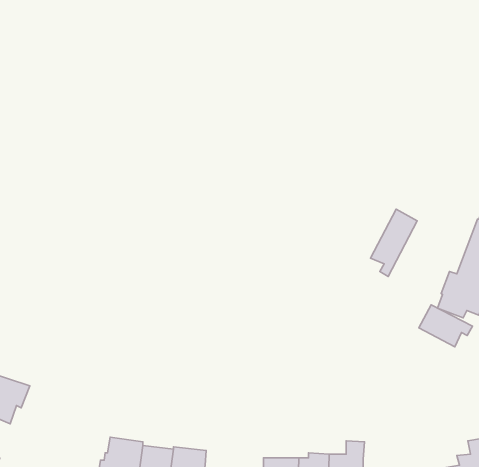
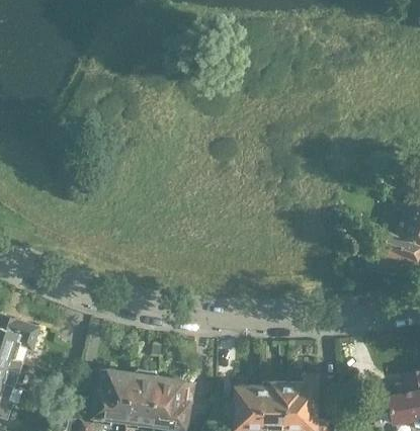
building: [371,209,417,276] -> none
building: [419,305,472,347] -> none

